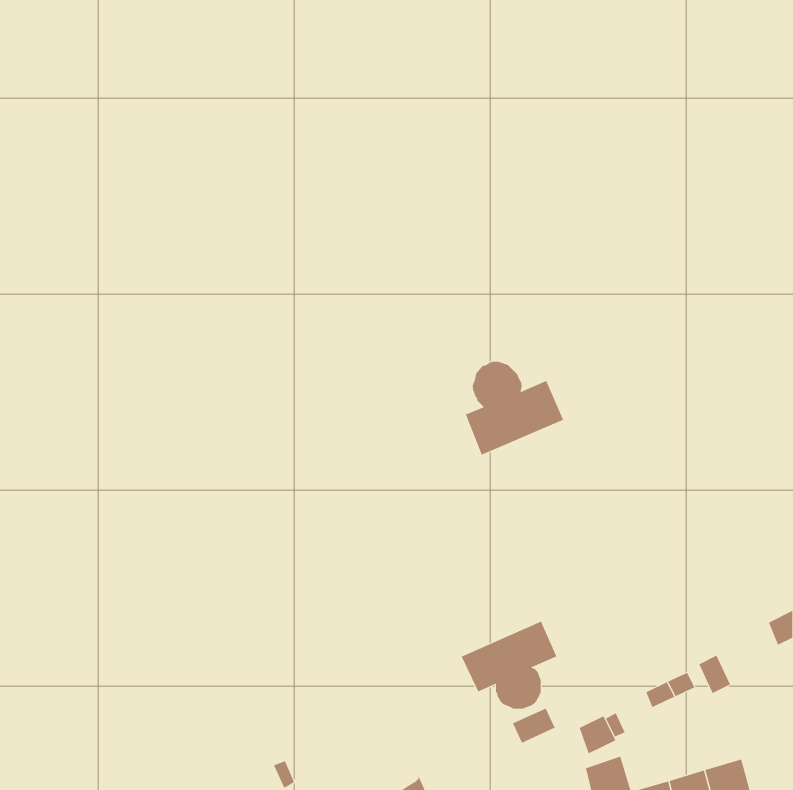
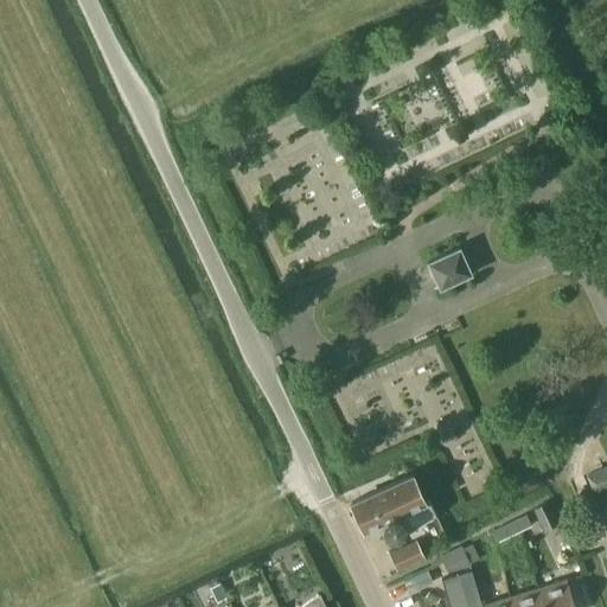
building: none -> [427,249,472,290]
building: [465,361,564,455] -> none

